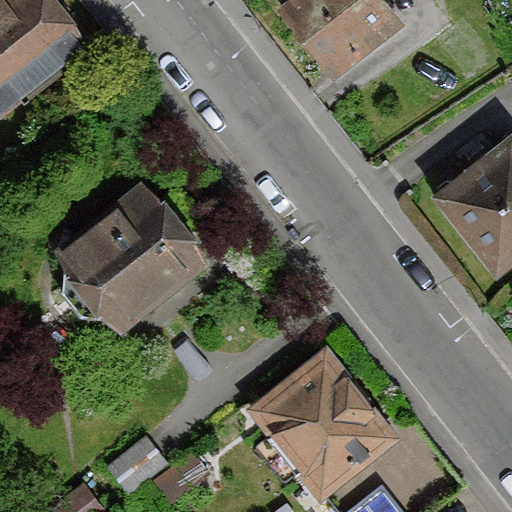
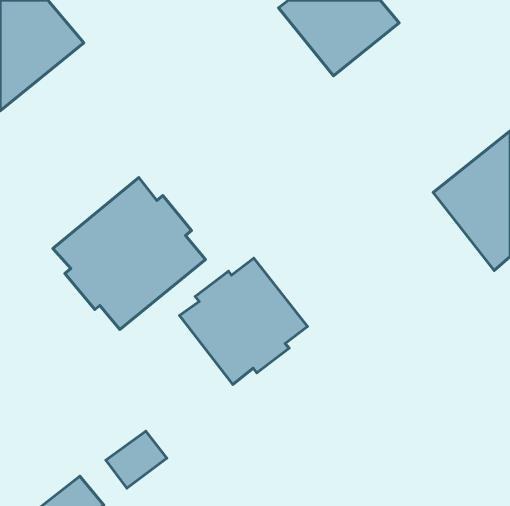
building: none -> [180,258,307,385]
building: [246,346,398,501] -> none

